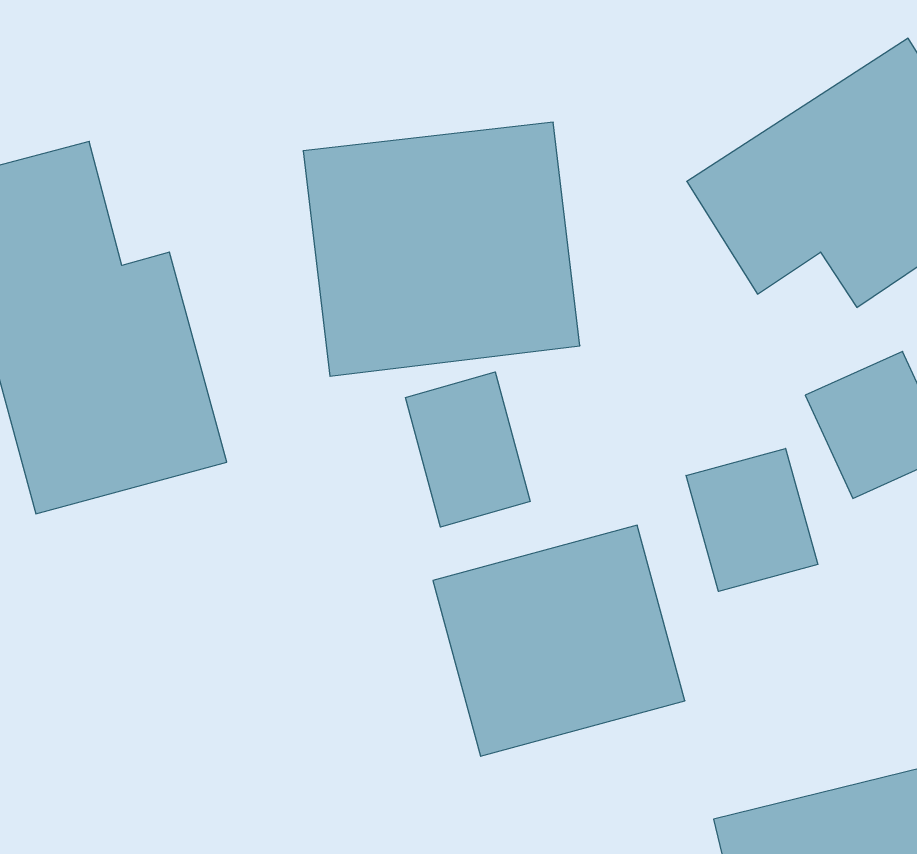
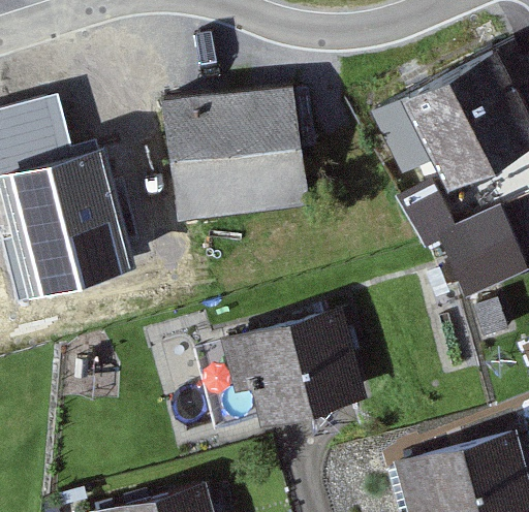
building: [405,372,530,527] -> none
building: [686,448,818,591] -> none

